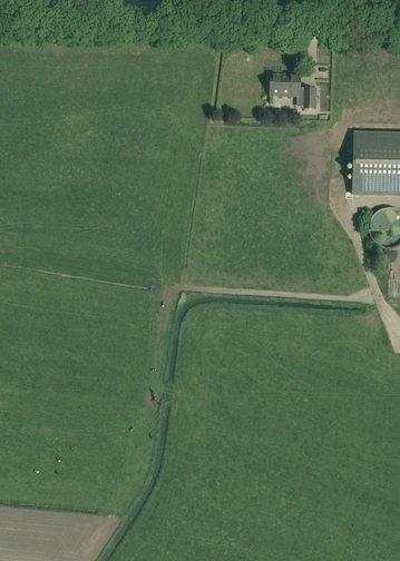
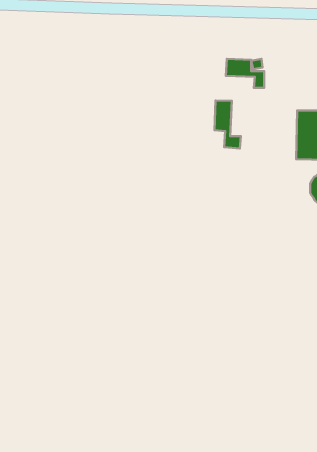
building: none -> [214,101,241,149]

